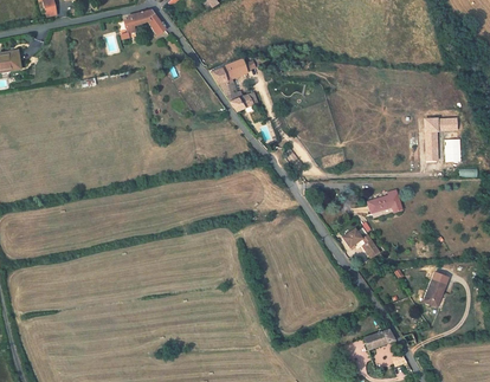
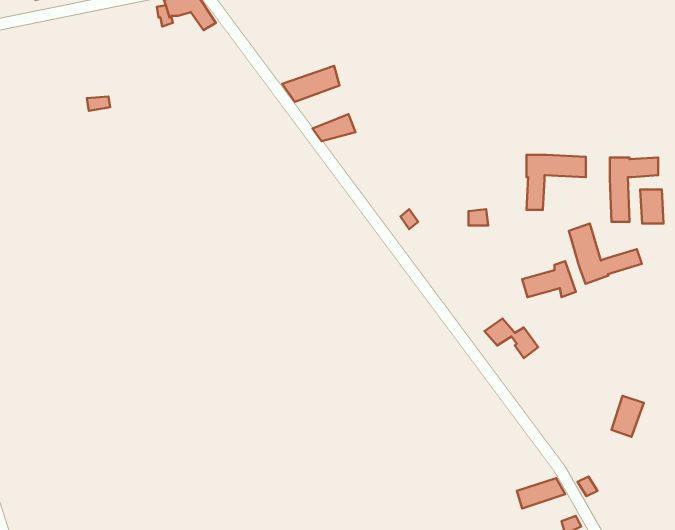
building: none -> [526,155,586,210]
building: none -> [569,223,642,284]

